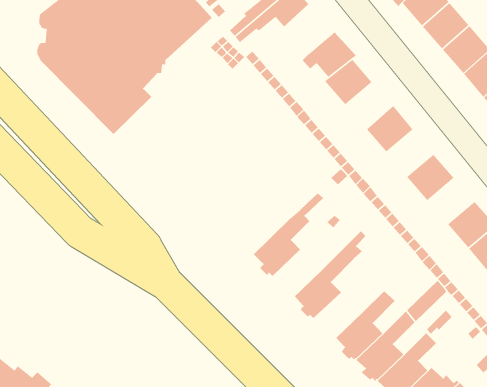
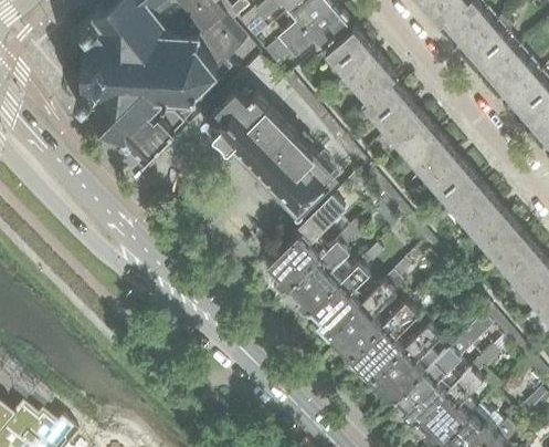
building: none -> [325,29,373,79]
building: none -> [199,93,334,220]
building: none -> [384,108,435,158]
building: none -> [427,158,477,208]
building: none -> [265,202,341,291]
building: none -> [471,209,520,258]
building: none -> [309,264,370,335]
building: none -> [352,305,415,380]

